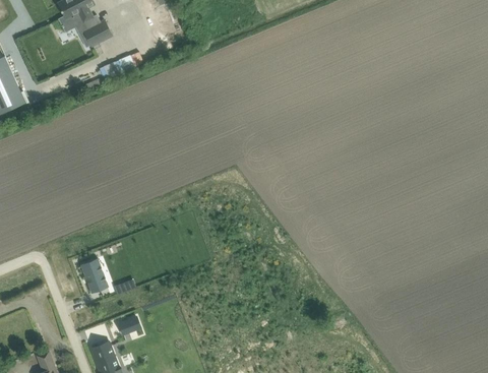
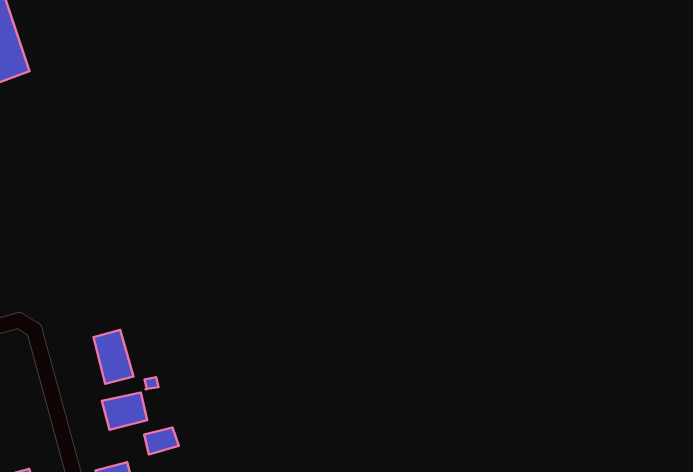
building: none -> [102,392,147,430]

